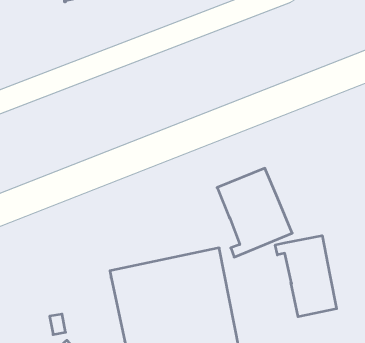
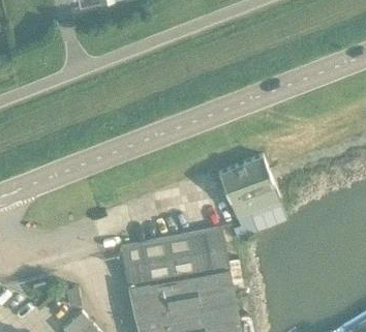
building: [275,236,337,317] -> none

